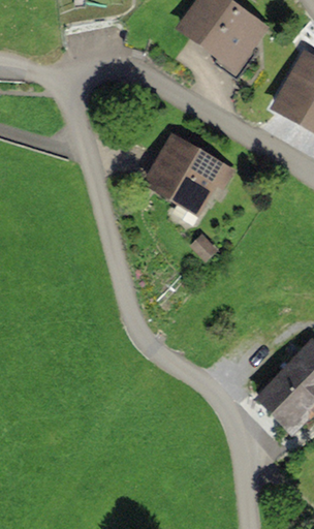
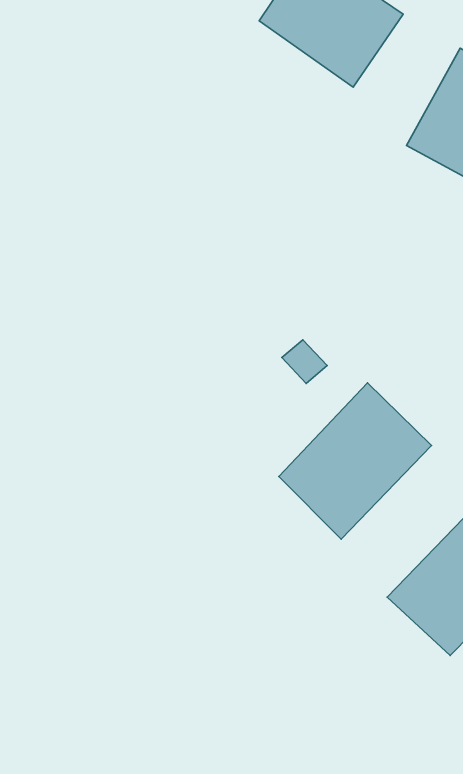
building: [142,131,233,215] -> none
building: none -> [279,383,431,539]

